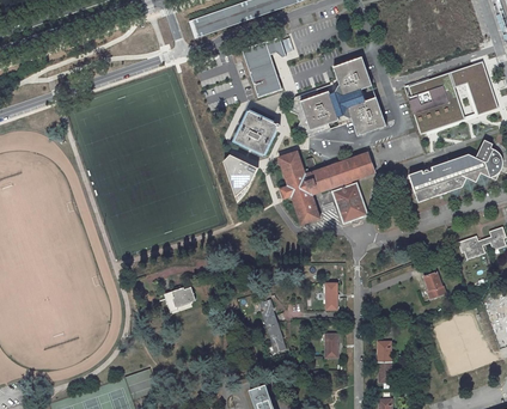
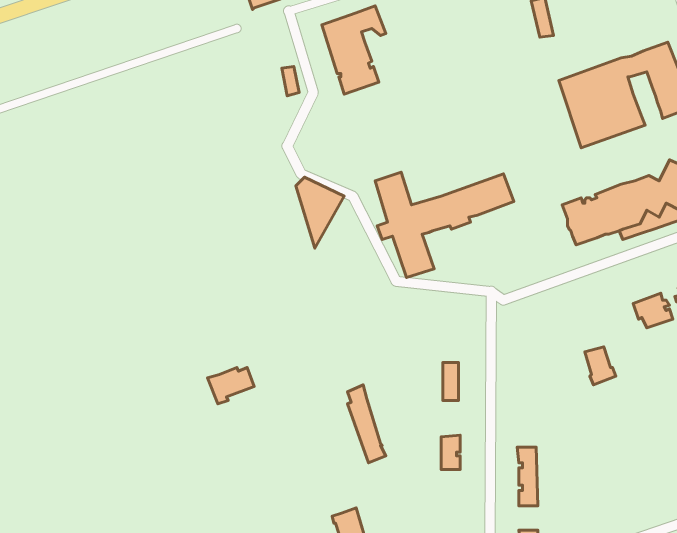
building: [288,57,385,136] -> none
building: [234,111,276,155] -> none
building: [331,183,367,224] -> none

